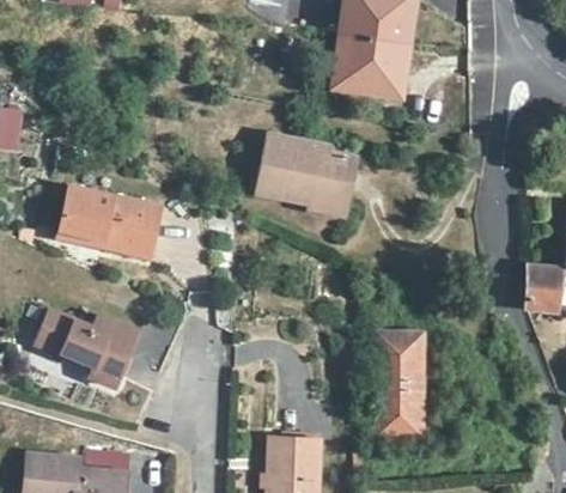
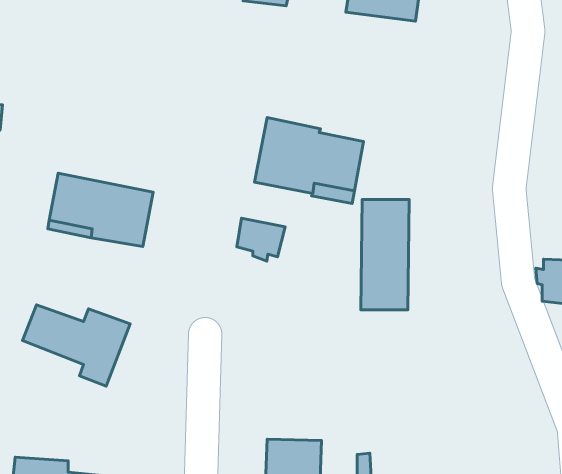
building: [334,34,408,96] -> none
building: none -> [237,218,285,261]
building: [377,330,422,434] -> [361,200,409,310]

